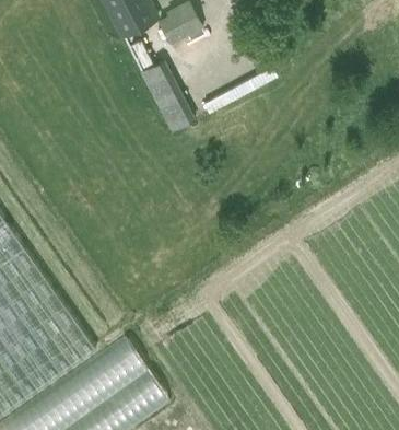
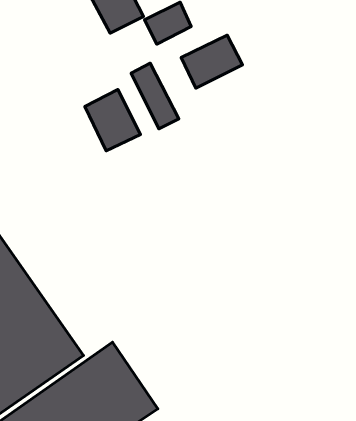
building: none -> [181,35,243,88]
building: none -> [85,89,140,151]

